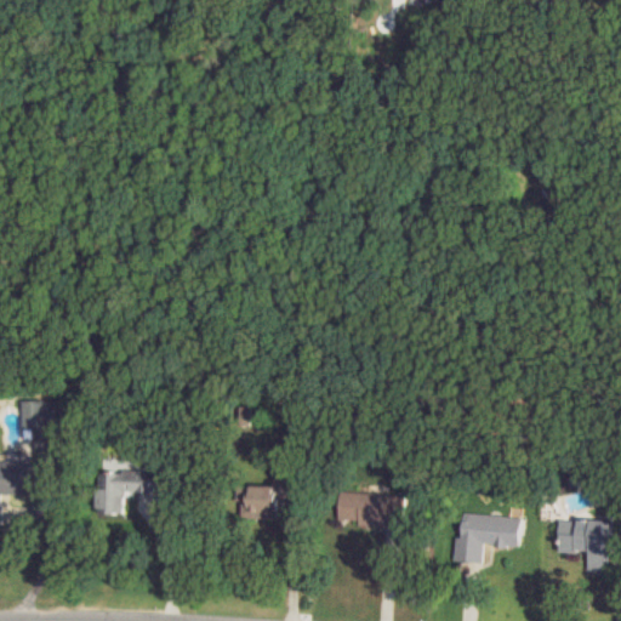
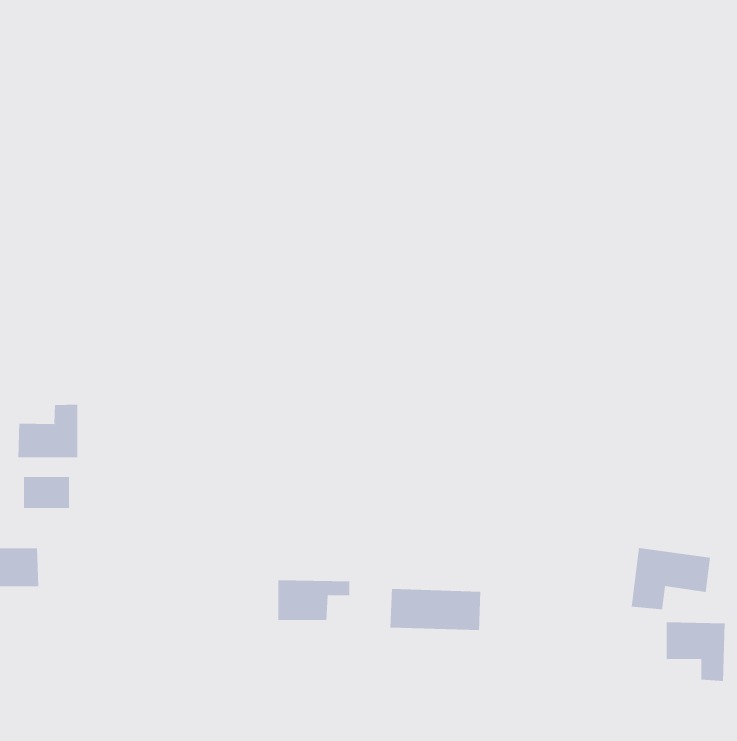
building: none -> [18,404,78,458]
building: [96,469,169,512] -> none
building: [452,511,519,563] -> [631,547,711,610]

